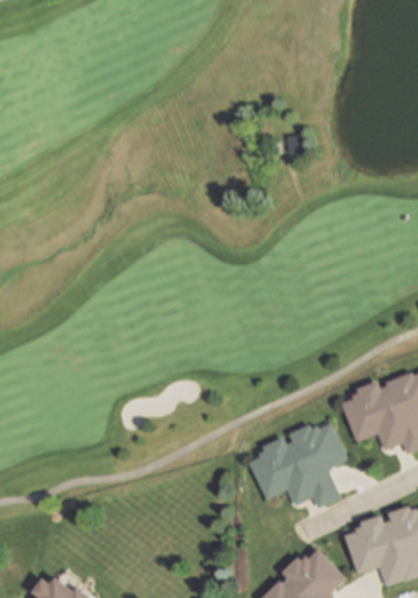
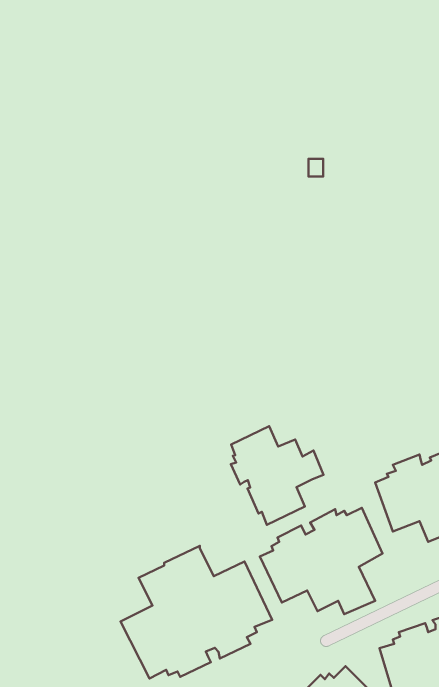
building: none -> [231,426,324,525]
building: none -> [120,546,272,679]

